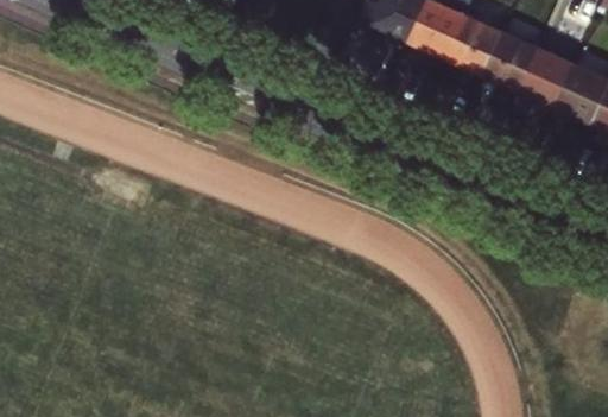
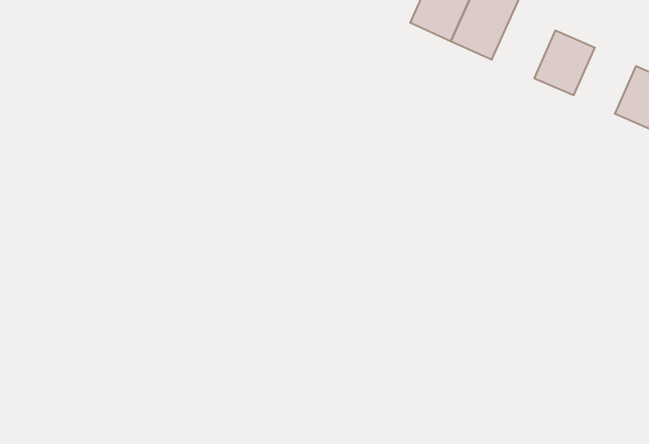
building: [444,15,501,75] -> none
building: [518,48,574,107] -> none

